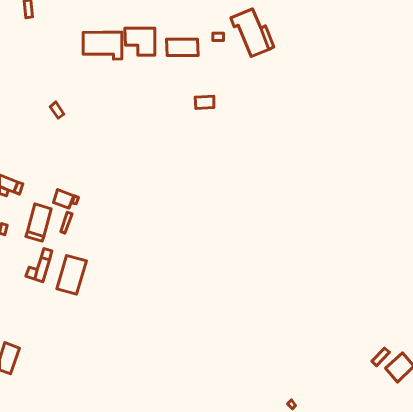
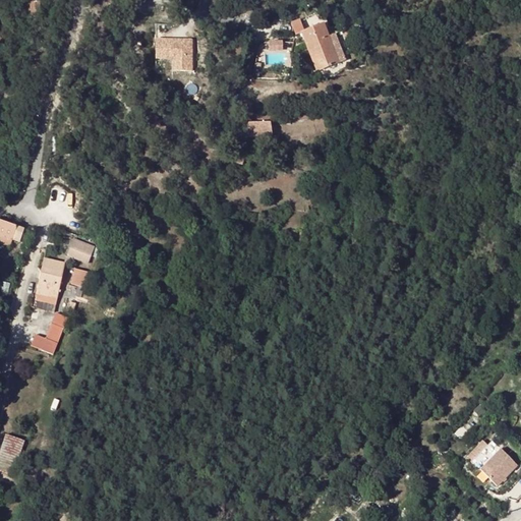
building: [83,32,122,59] -> none
building: [167,39,198,56] -> none
building: [57,256,86,294] -> none

